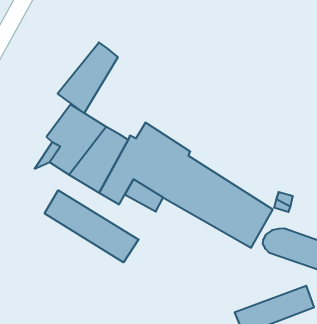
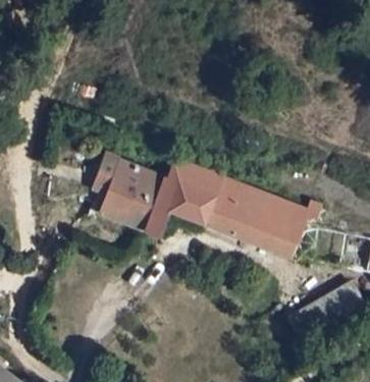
building: [58,42,118,113] -> none
building: [45,190,139,262] -> none

